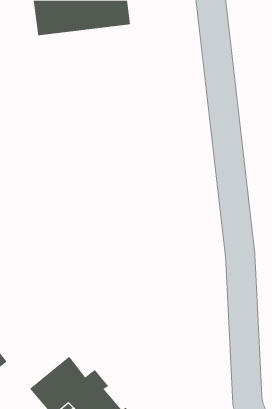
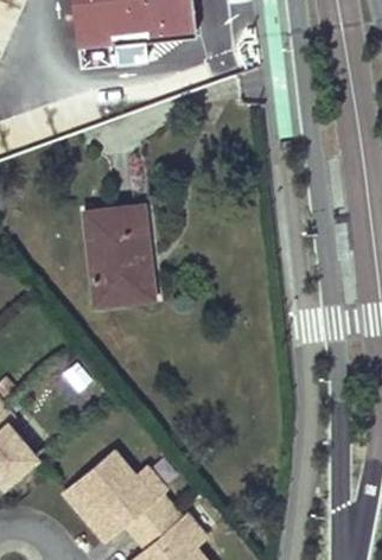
building: none -> [83,206,153,305]

